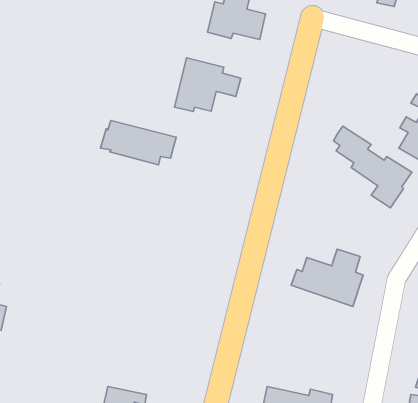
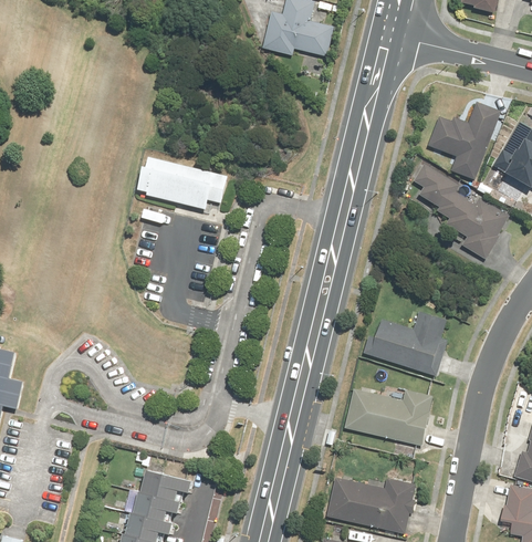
building: [175,58,241,111] -> none
building: none -> [428,101,500,180]
building: none -> [346,387,436,445]

